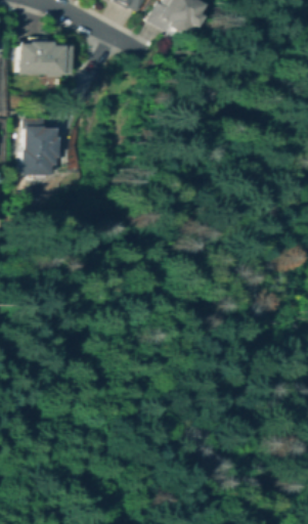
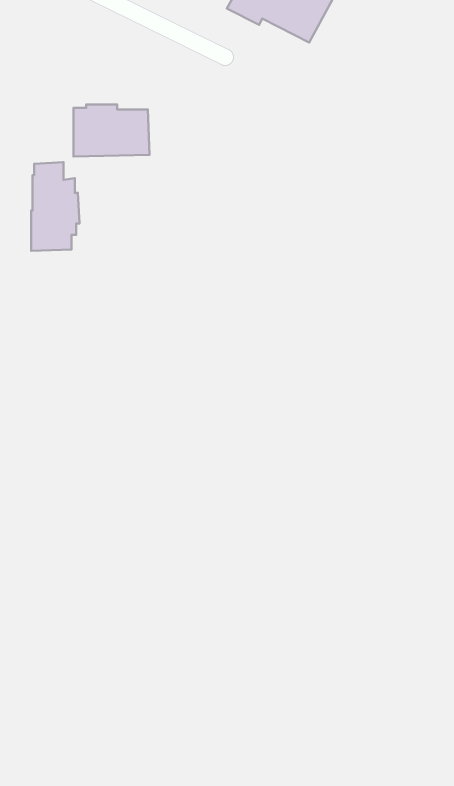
building: [24,41,72,74] -> [73,105,149,156]

